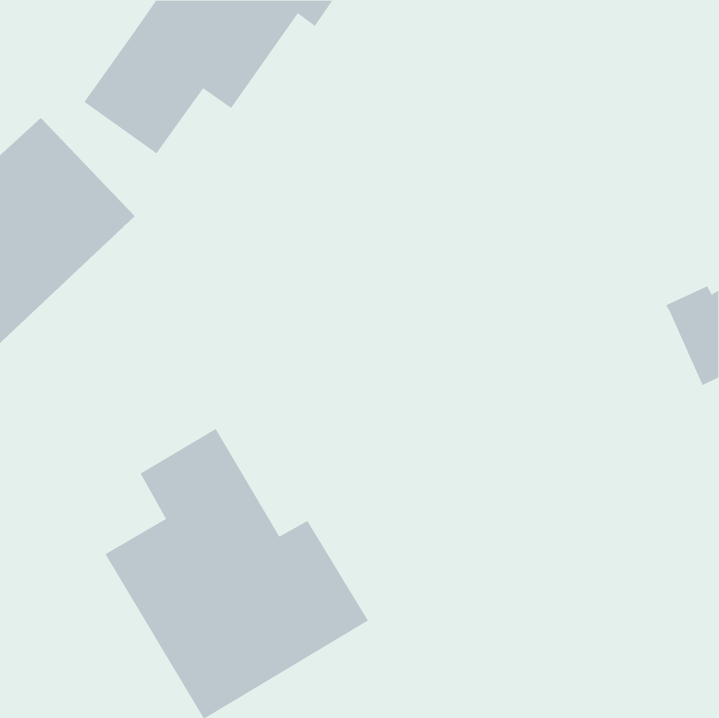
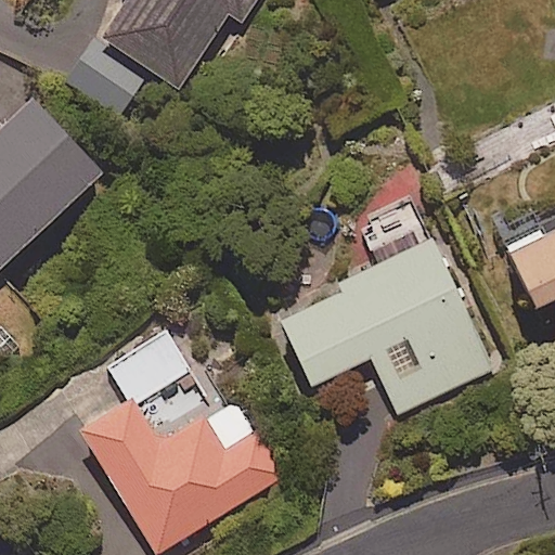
building: none -> [282,240,491,415]

